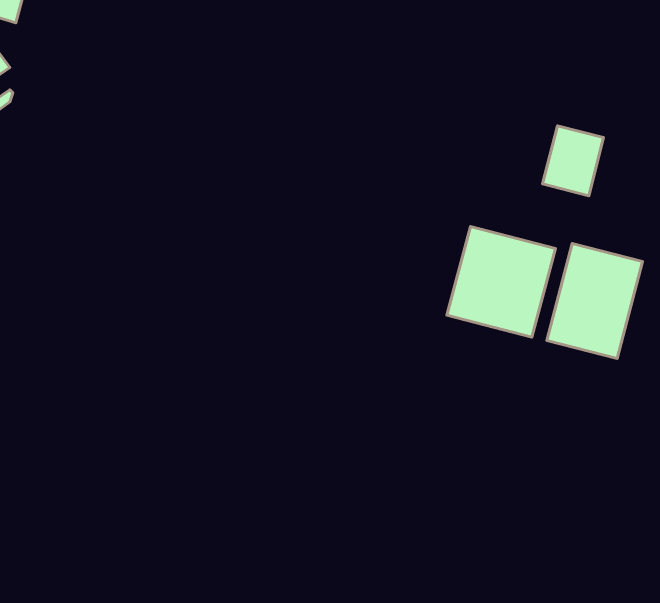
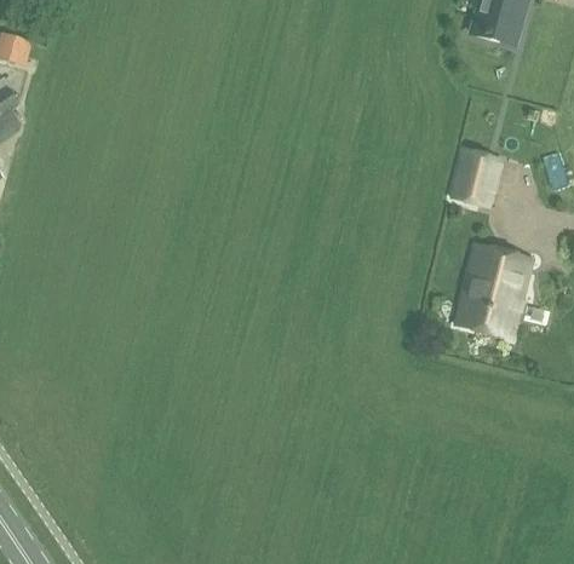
building: [447,226,555,337] -> none

